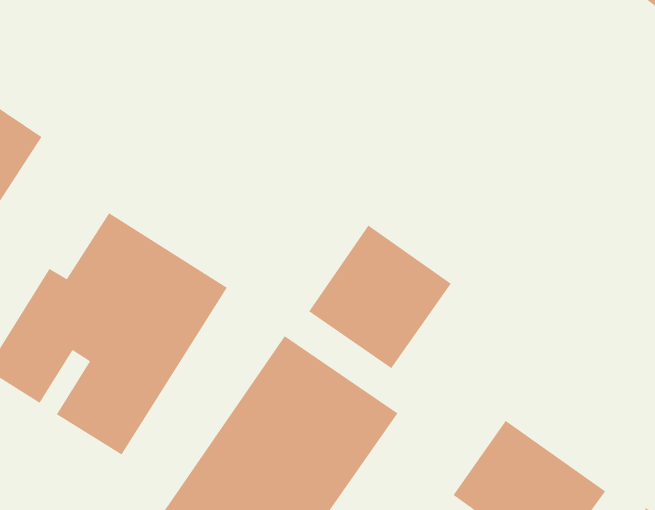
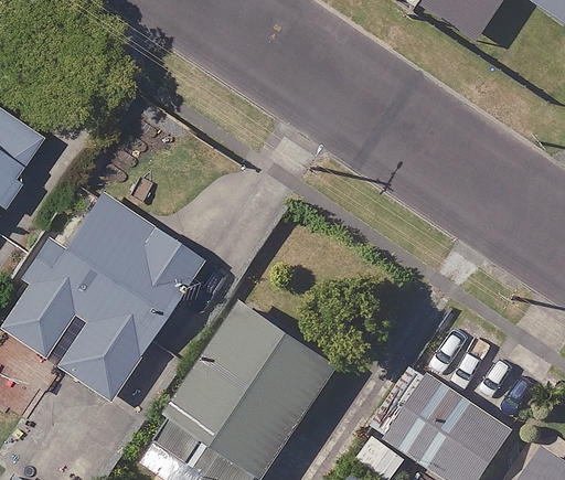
building: [308,225,452,369] -> none

